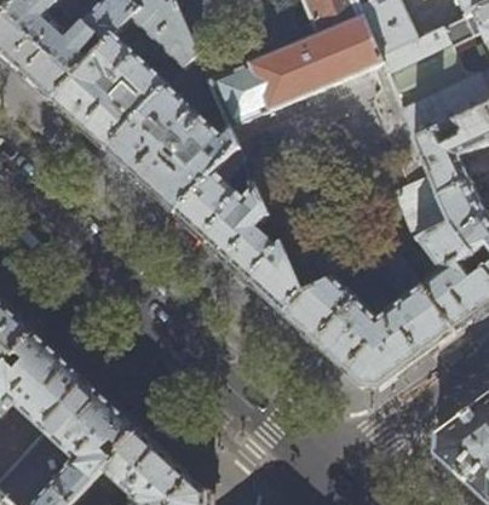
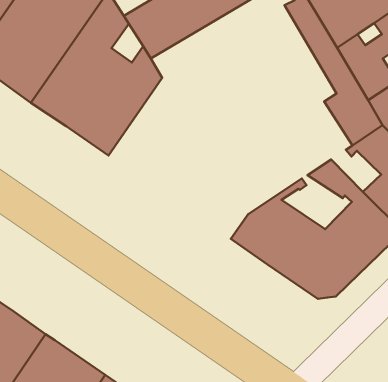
building: [177,147,306,315] -> none

